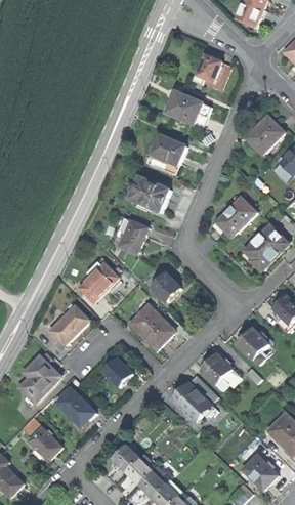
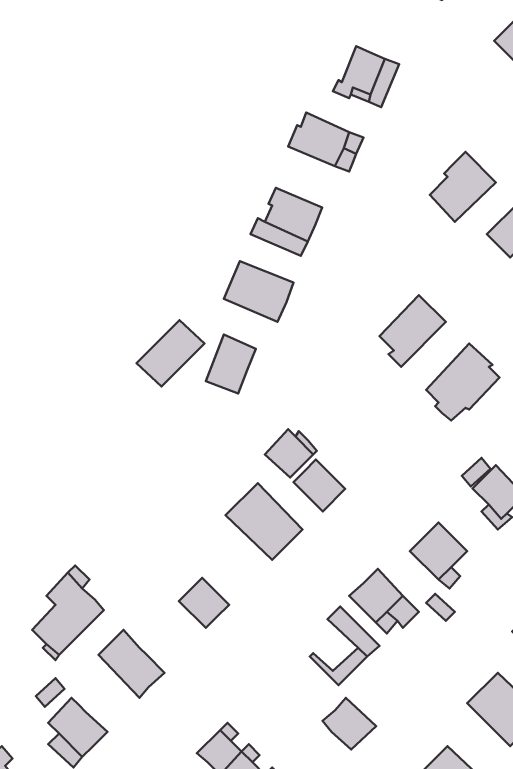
building: [78,262,117,300] -> [137,320,205,386]
building: none -> [294,460,345,511]
building: [49,305,87,343] -> none
building: [174,381,205,411] -> [323,698,376,750]

